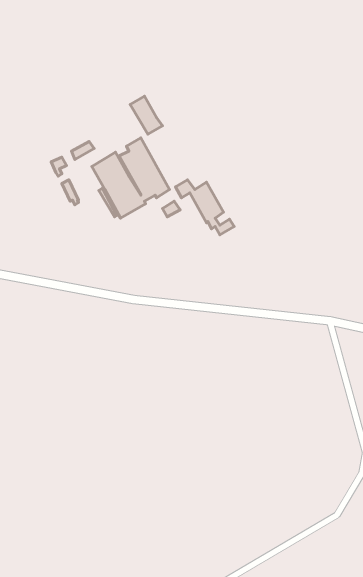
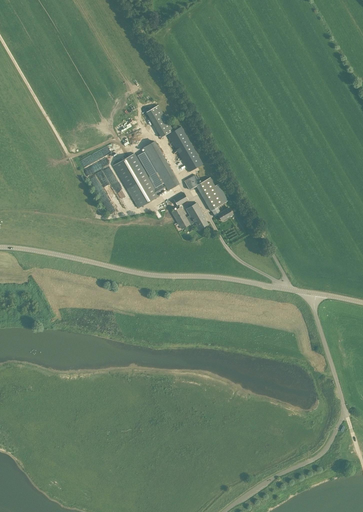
building: none -> [167,126,202,171]
building: none -> [171,202,207,229]

